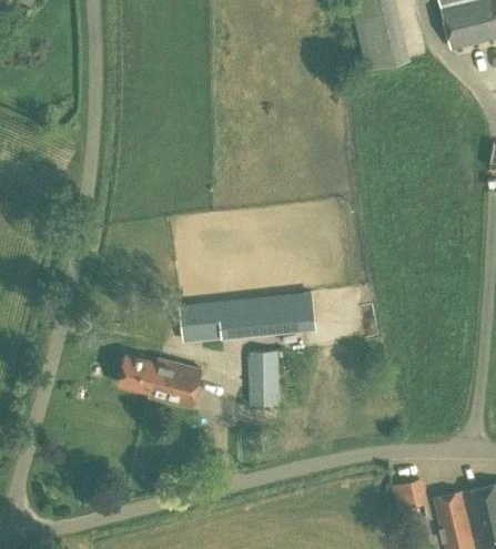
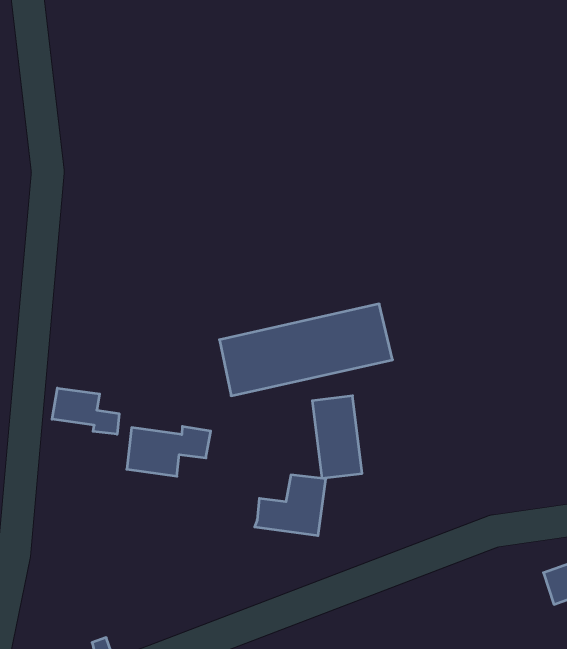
building: none -> [52,388,119,434]
building: [149,364,201,407] -> [255,475,326,536]

